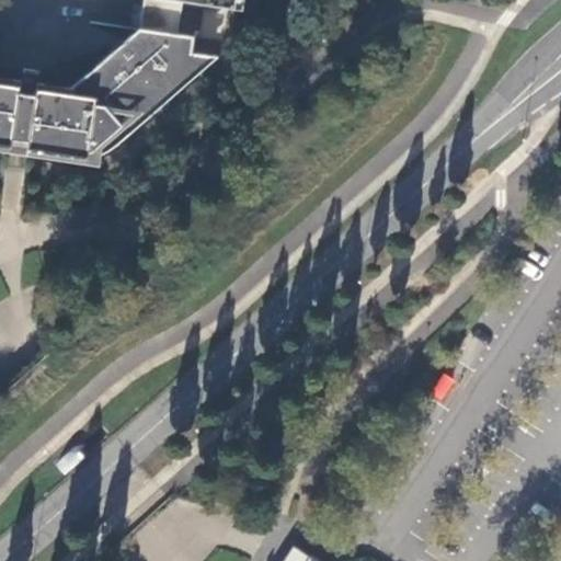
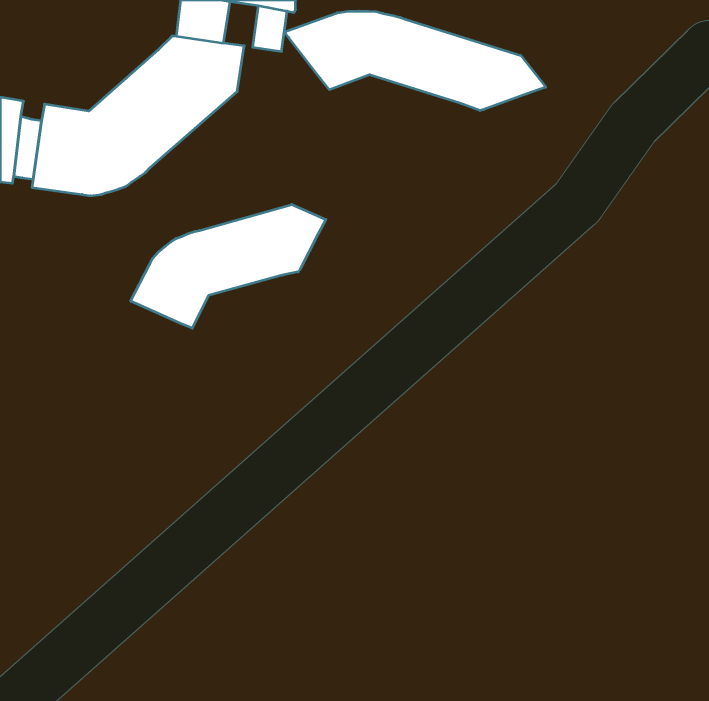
building: none -> [284,11,546,111]
building: none -> [131,204,326,328]

